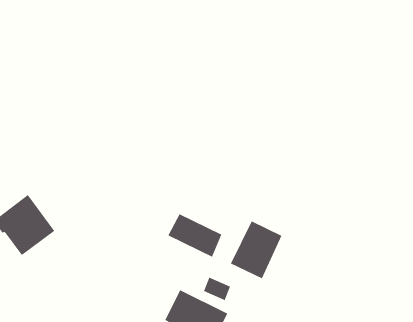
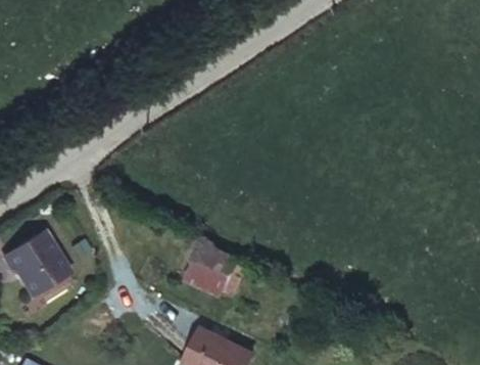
building: [230,221,282,279] -> none

